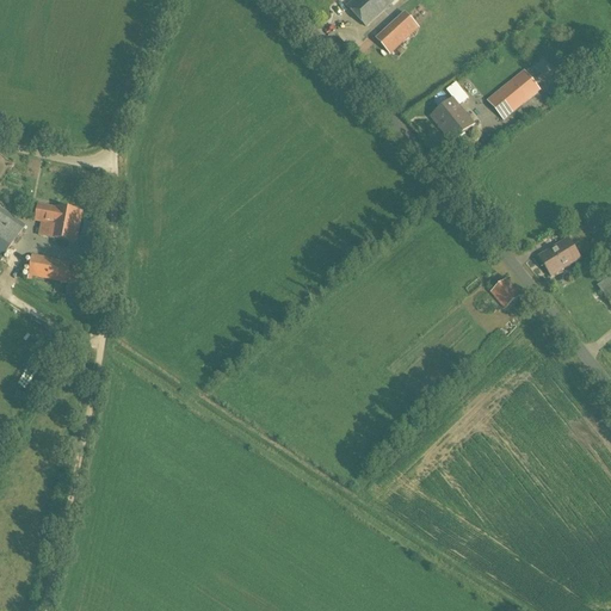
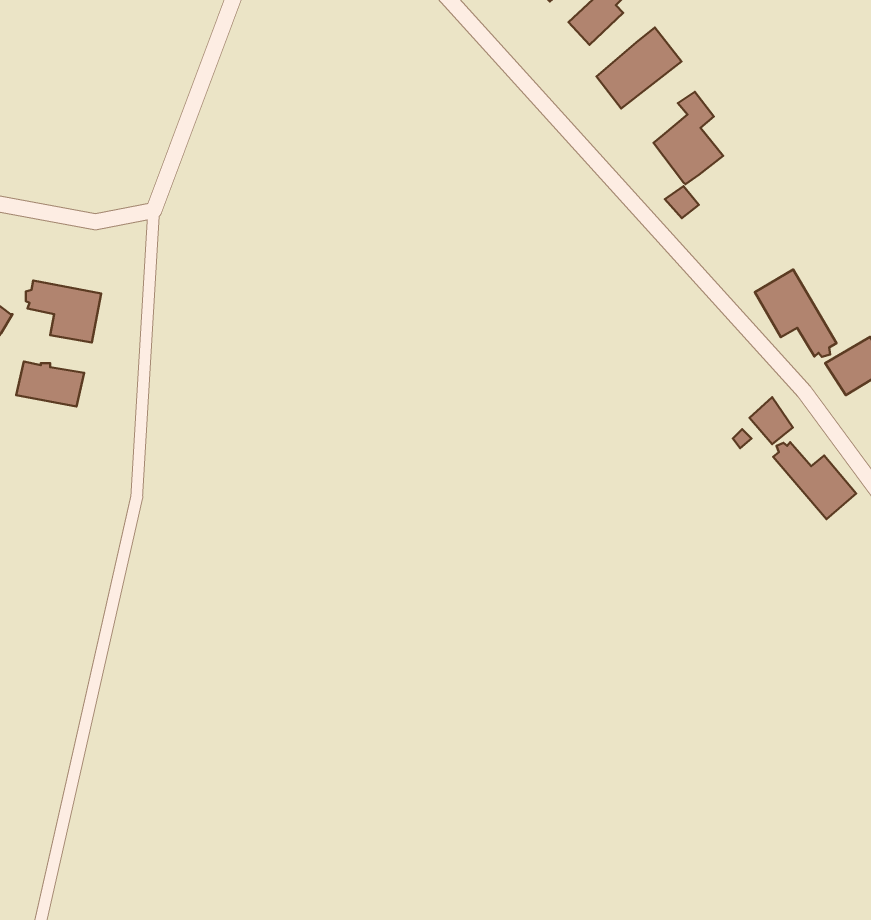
building: [486,67,539,118] -> [597,27,681,109]
building: none -> [755,270,836,357]
building: none -> [773,442,856,519]

